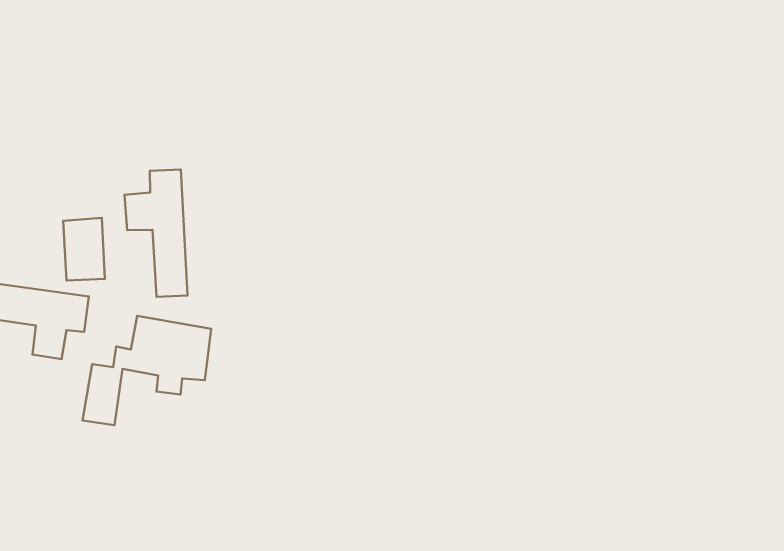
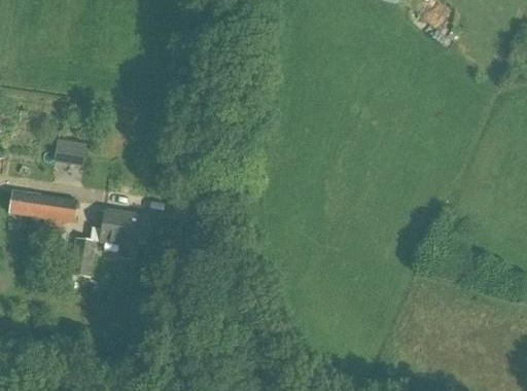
building: [125,169,188,297] -> none

